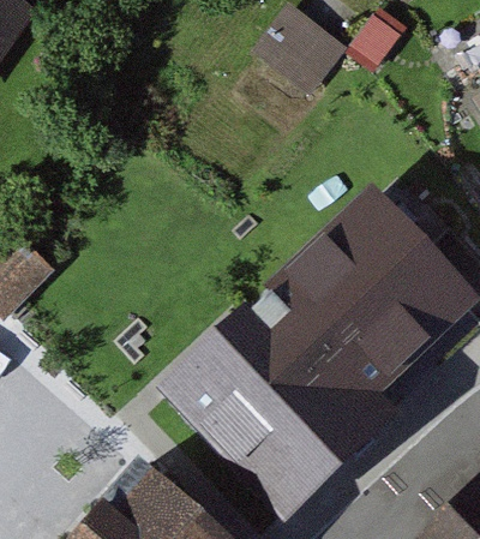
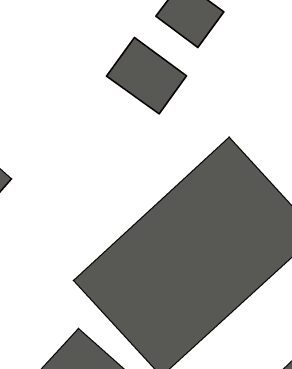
building: none -> [106,38,186,114]

